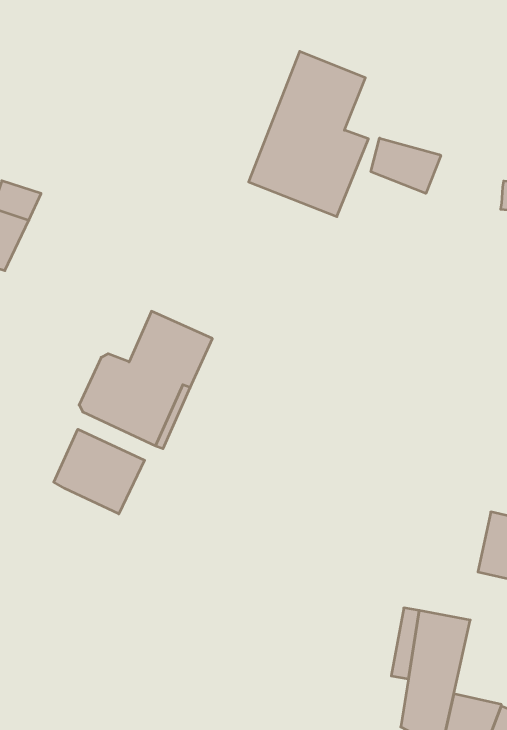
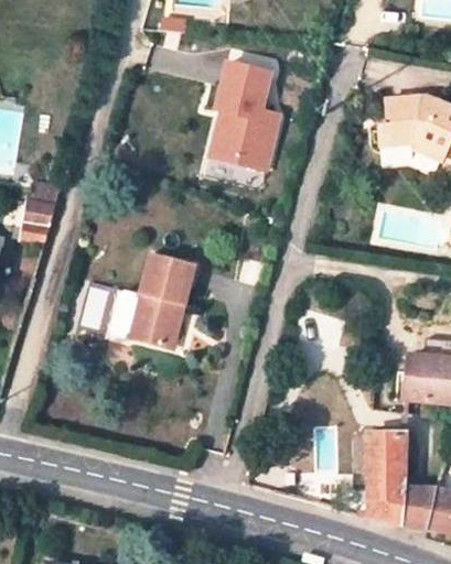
building: [371,138,441,193] -> none
building: [54,429,145,514] -> none

